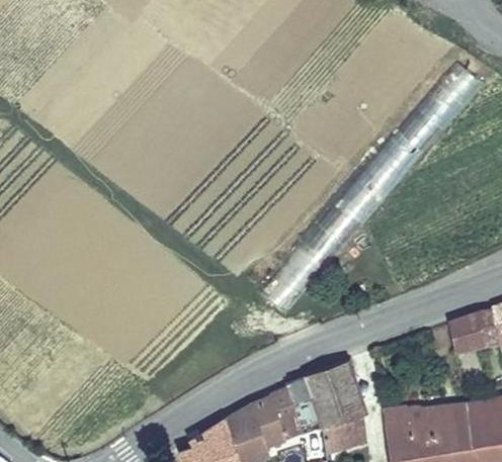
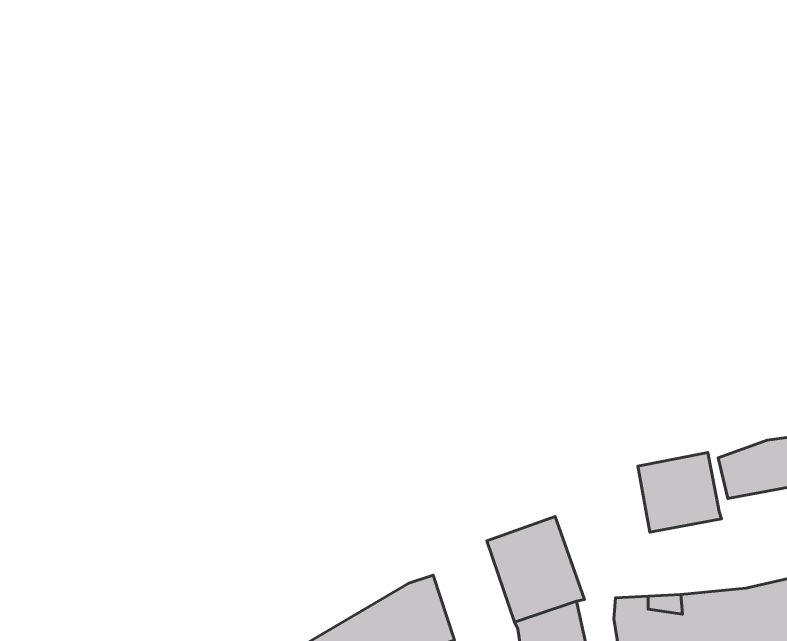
building: none -> [638,452,722,532]
building: [286,378,322,433] -> none

